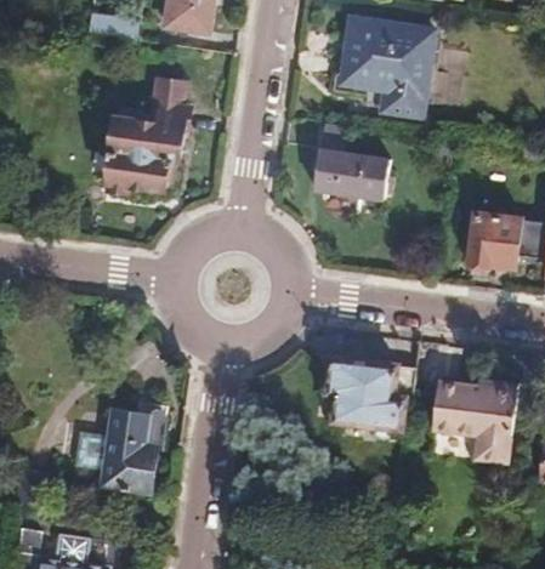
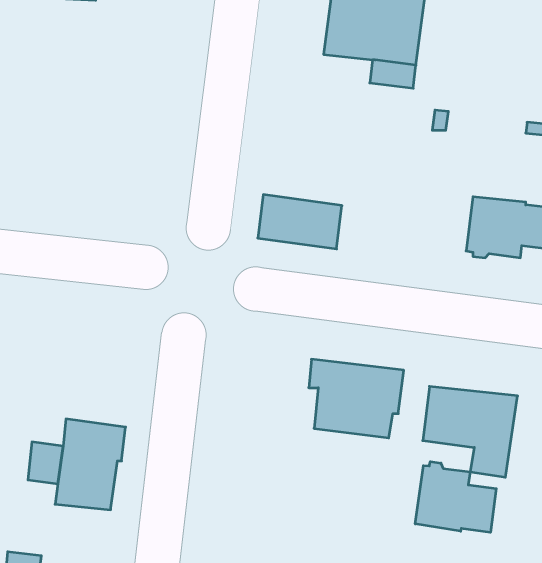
building: [106,79,194,192] -> none
building: [314,150,390,199] -> [258,195,342,249]
building: none -> [415,462,496,532]

